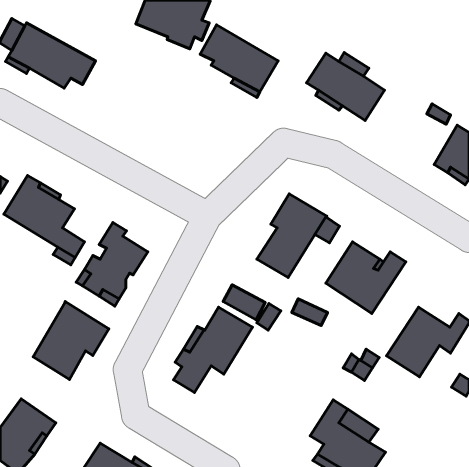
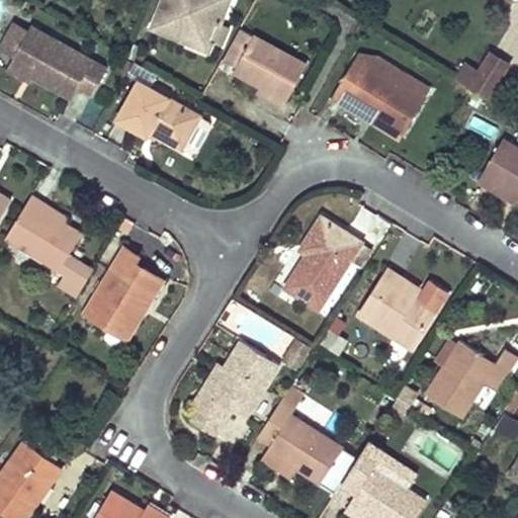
building: none -> [466,55,506,99]
building: none -> [116,82,200,149]
building: [33,302,109,379] -> none
building: none -> [259,398,343,483]

